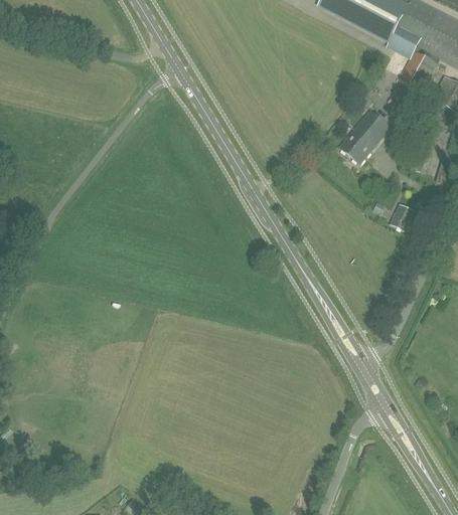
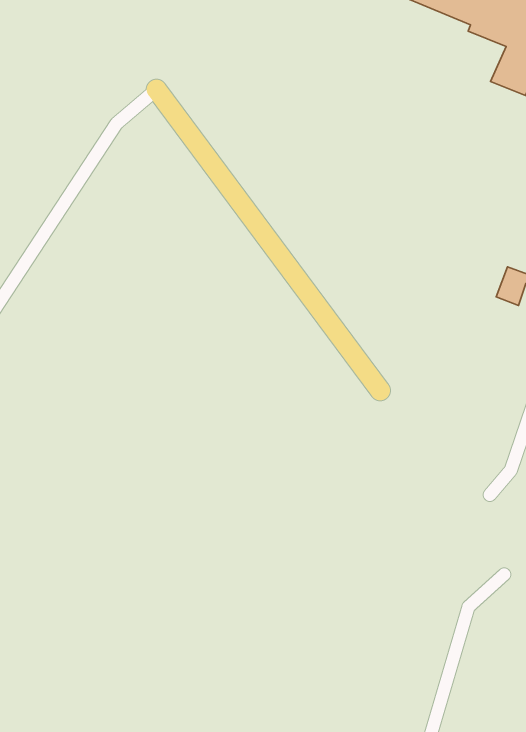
building: [338,109,390,163] -> none

